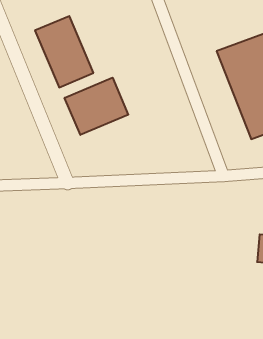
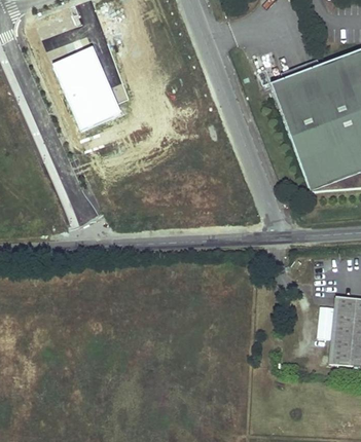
building: [65,78,128,135] -> none

